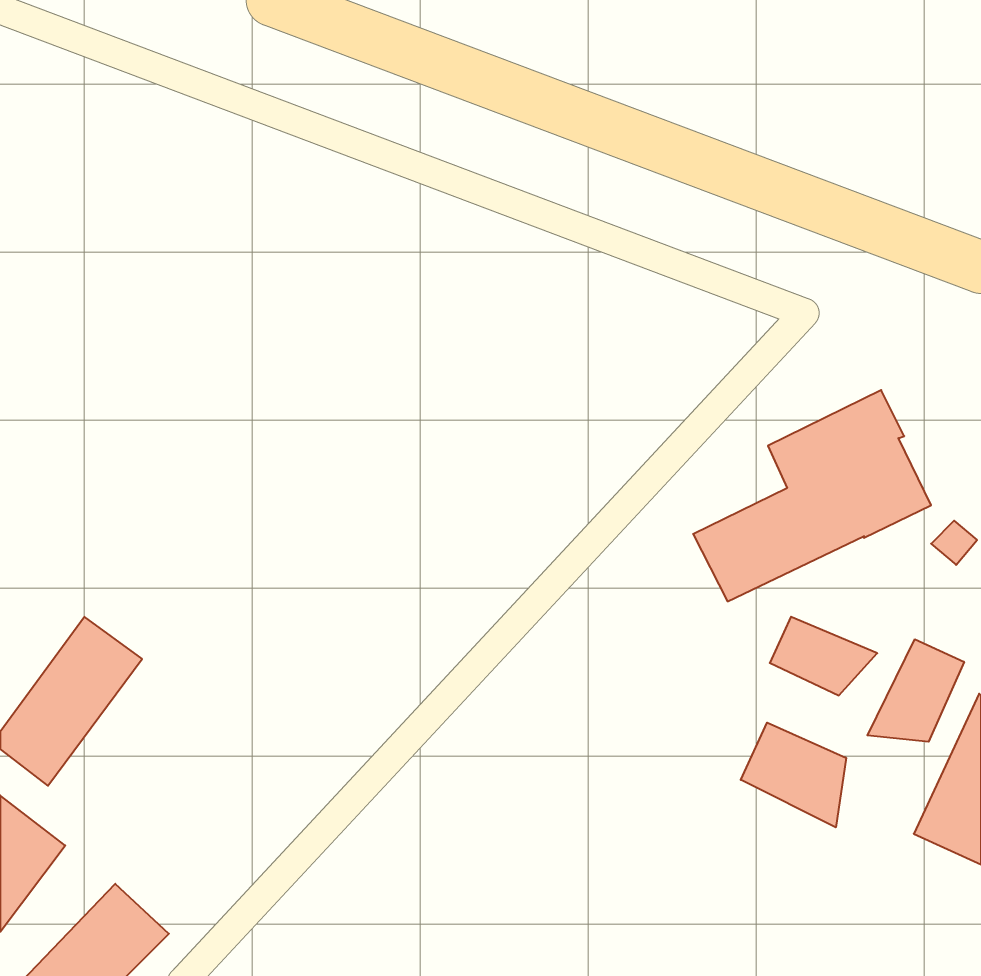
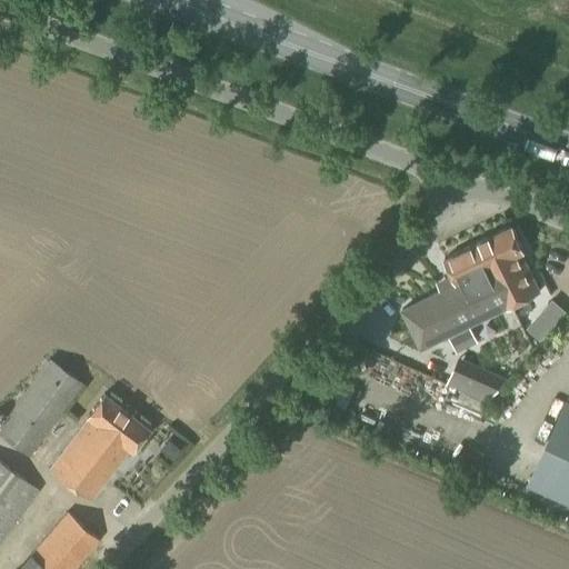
building: [867,639,964,742] -> none
building: none -> [49,397,148,502]
building: [741,723,846,827] -> none

